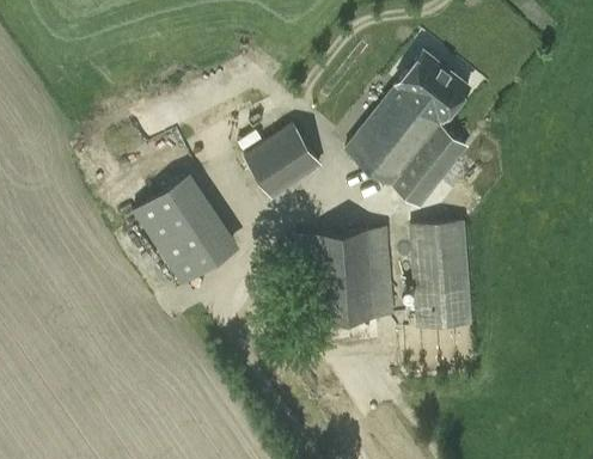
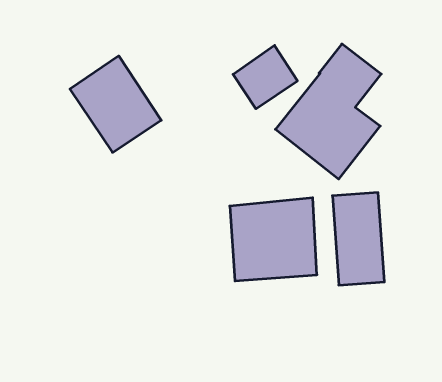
building: [245,124,319,197] -> [233,45,297,109]
building: [134,172,239,283] -> [70,56,161,152]

